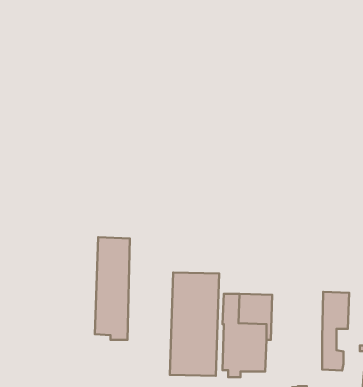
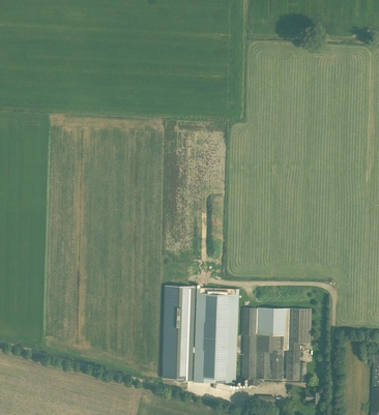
building: [95,237,130,340] -> [162,287,194,381]
building: [322,292,349,371] -> [286,307,311,380]

